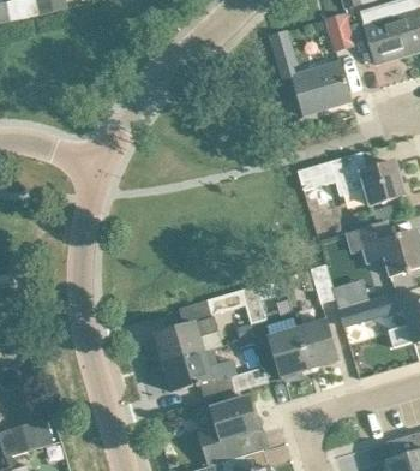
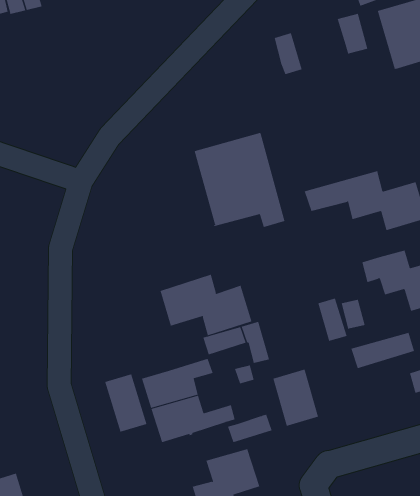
building: [290,61,350,114] -> none
building: none -> [192,132,285,228]
building: none -> [160,274,252,336]
building: [298,318,337,369] -> none
building: none -> [105,373,147,433]

